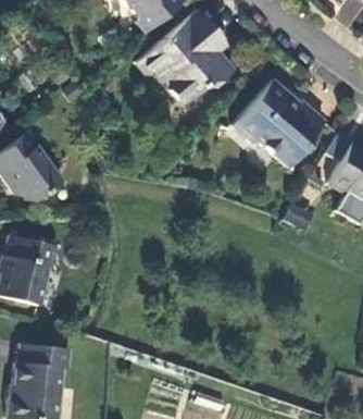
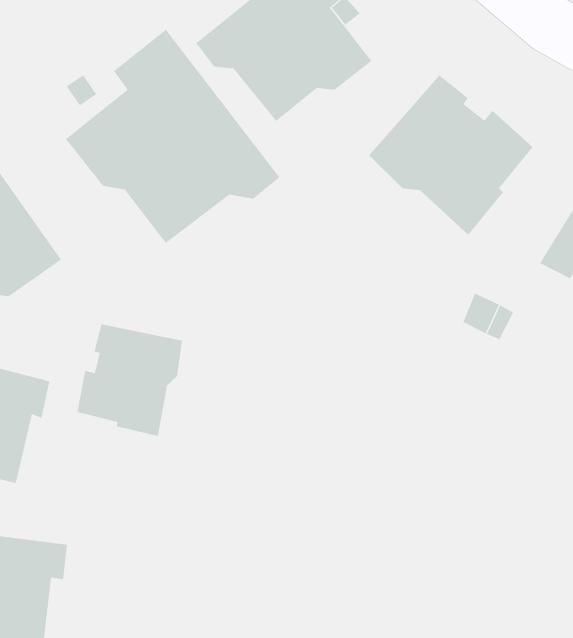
building: none -> [65,29,280,244]
building: none -> [77,323,182,437]

